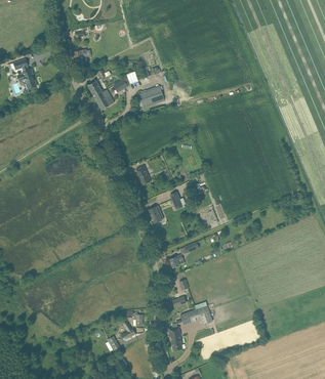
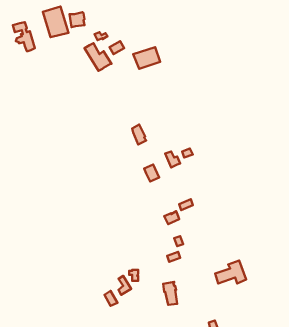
building: none -> [43,7,69,37]
building: [180,301,212,325] -> [215,261,246,283]

